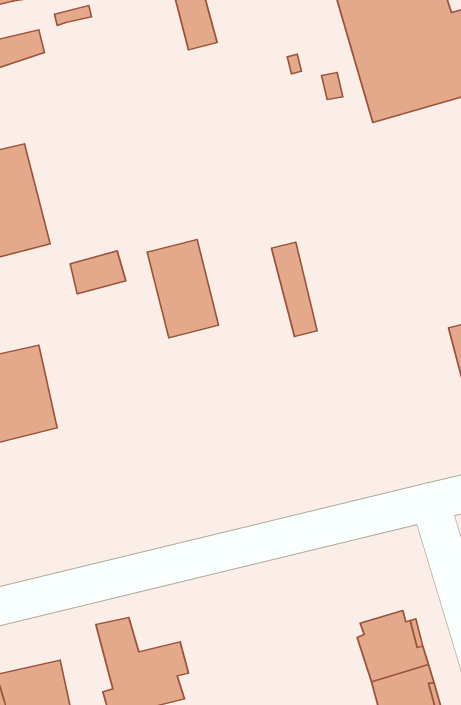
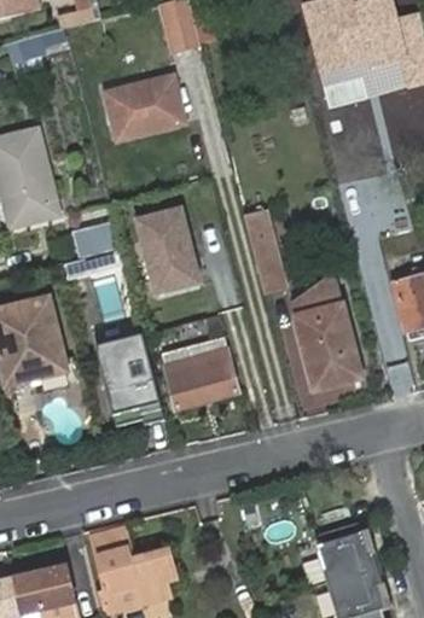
building: none -> [106,76,186,139]
building: none -> [296,279,361,390]
building: none -> [98,334,167,426]
building: none -> [163,337,239,408]

